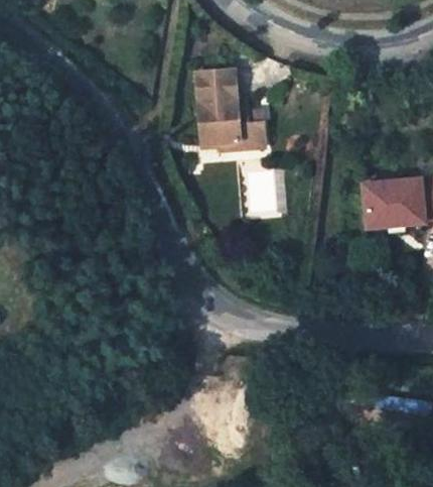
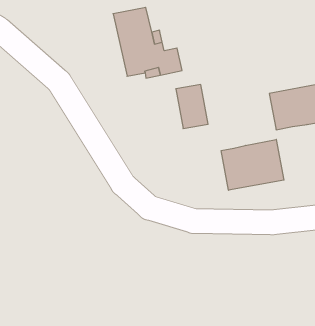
building: none -> [221,139,284,190]

